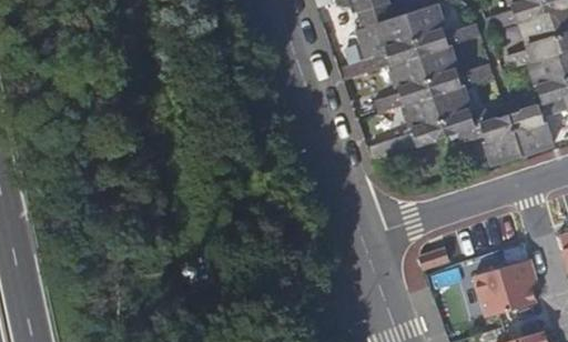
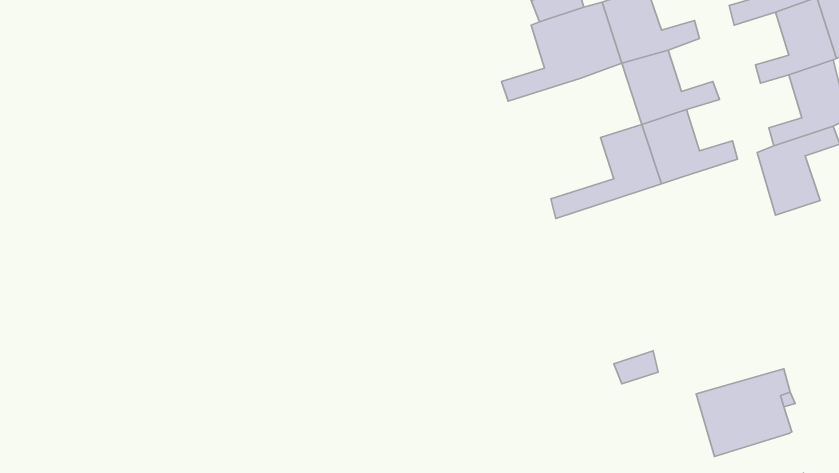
building: [379,54,434,112] -> none
building: [460,114,524,165] -> none

